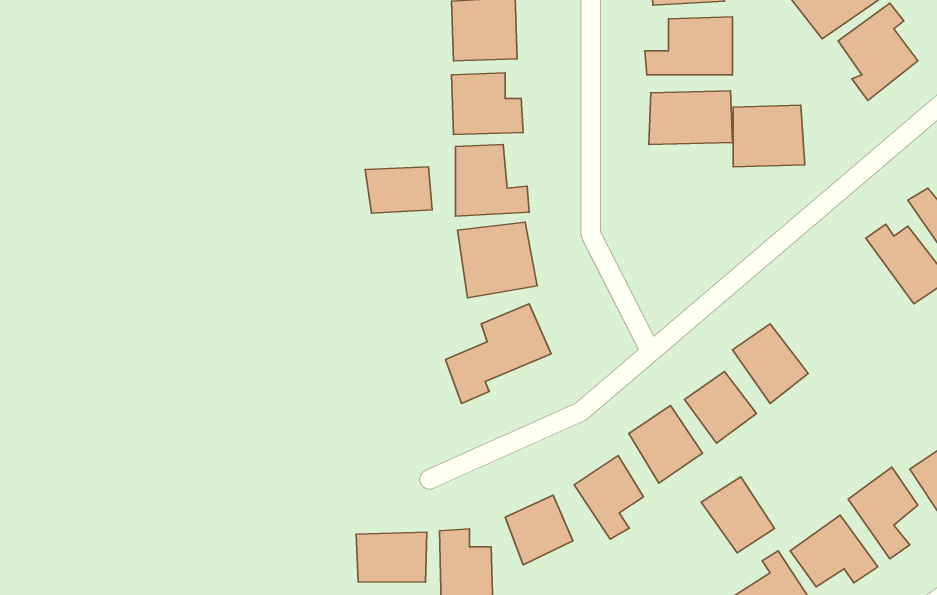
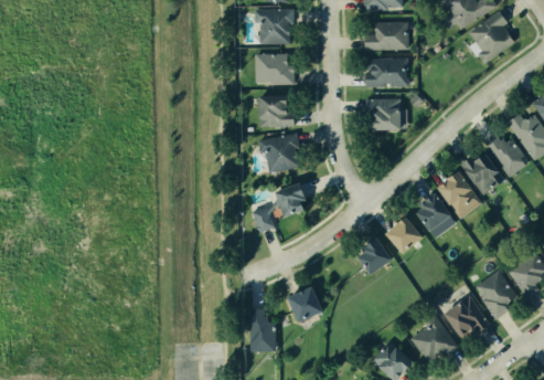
building: [733,105,805,167] -> [362,96,402,130]
building: [365,167,432,213] -> none
building: none -> [462,150,505,197]
building: none -> [433,168,482,221]
building: [574,455,644,539] -> none
building: [701,477,775,553] -> none
building: [356,532,427,582] -> none

